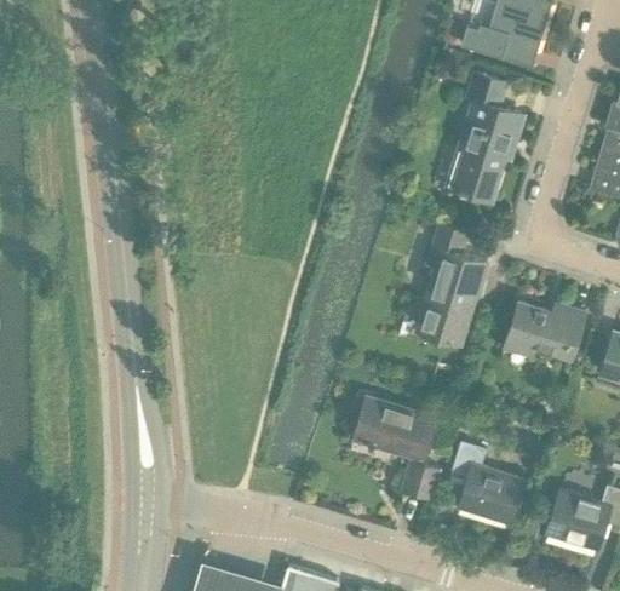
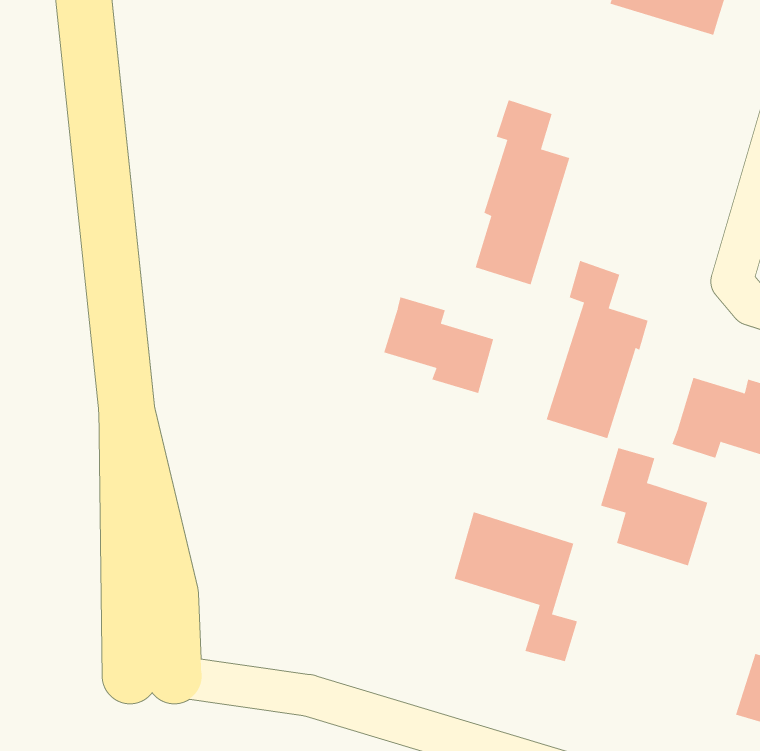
building: [452,75,517,202] -> [475,100,570,285]
building: none -> [383,297,494,394]
building: [448,442,522,523] -> [600,448,708,566]

